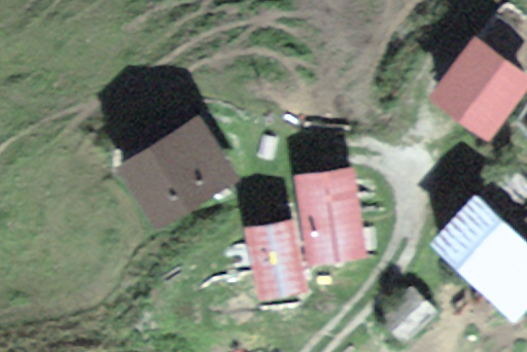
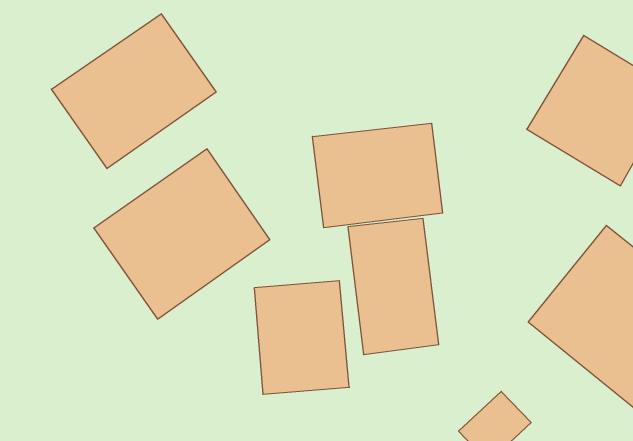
building: none -> [51,14,216,169]
building: none -> [313,123,442,228]

